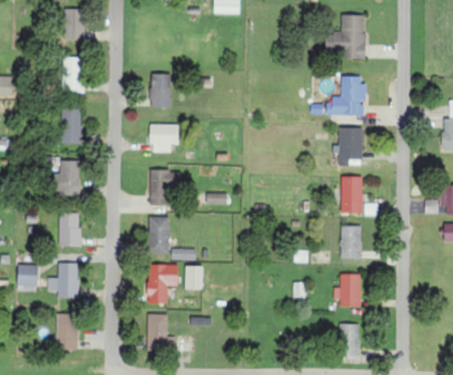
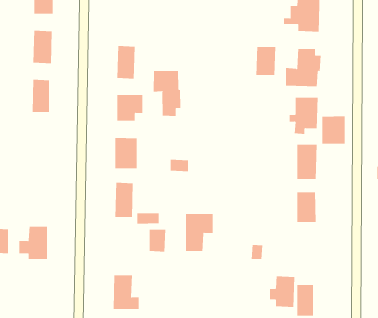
building: none -> [256,46,276,76]
building: none -> [153,70,181,117]
building: none -> [322,116,345,145]
building: [52,160,80,196] -> none
building: [58,214,80,247] -> none
building: [148,265,178,305] -> [185,213,214,252]
building: [333,274,361,307] -> [269,276,295,308]
building: [56,314,77,350] -> none

